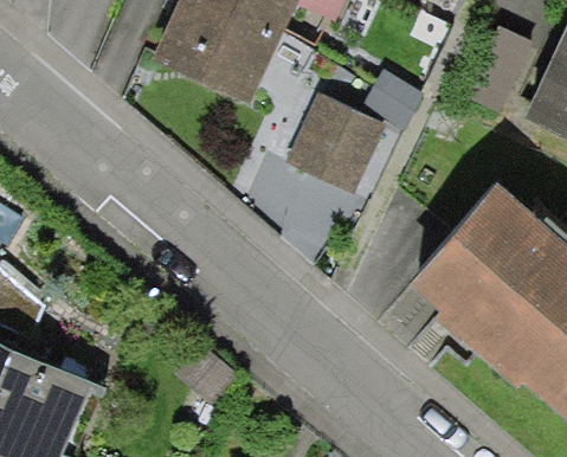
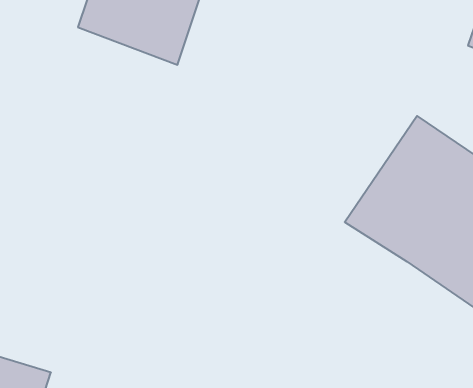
building: [284,89,388,193] -> none

